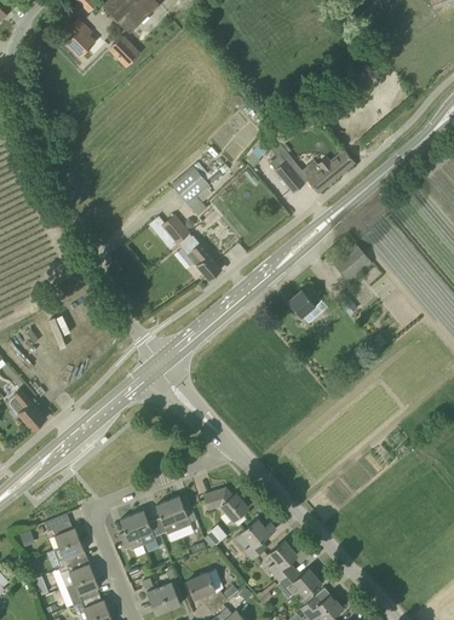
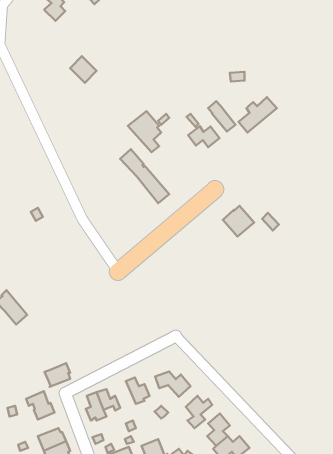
building: [108,35,140,68] -> [70,56,97,83]
building: none -> [188,126,220,147]
building: [333,243,372,281] -> none
building: [155,500,183,541] -> none
building: [53,539,85,568] -> [45,363,70,387]

